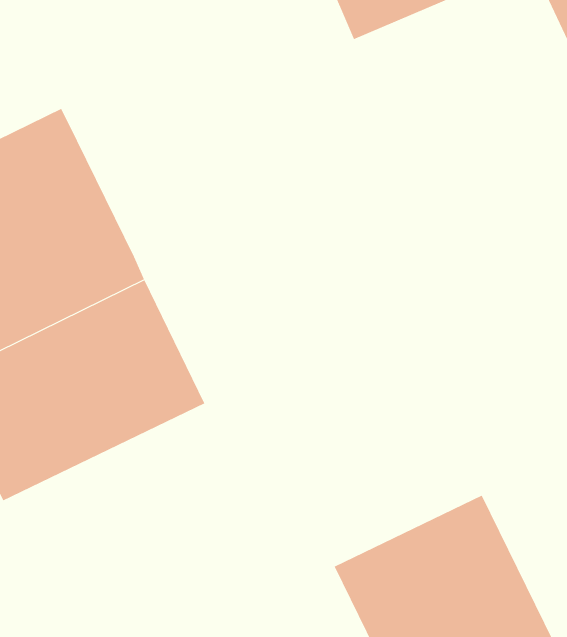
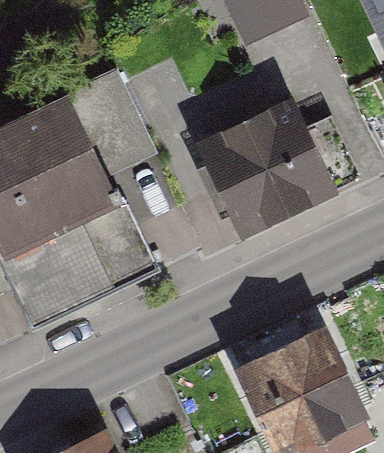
building: none -> [72,73,158,177]
building: none -> [195,99,334,238]

